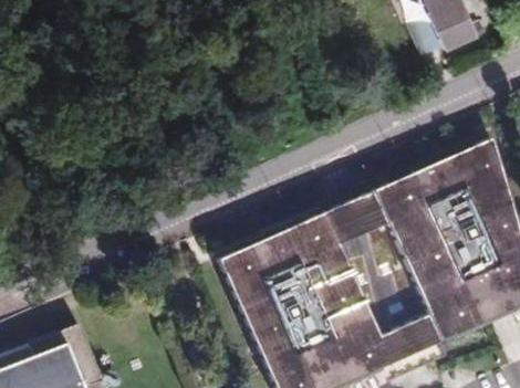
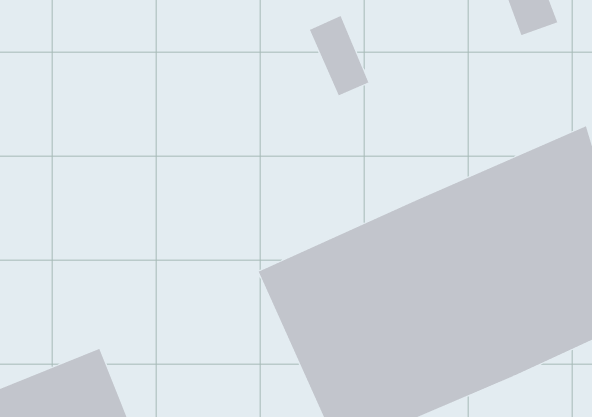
building: none -> [309,15,369,96]

